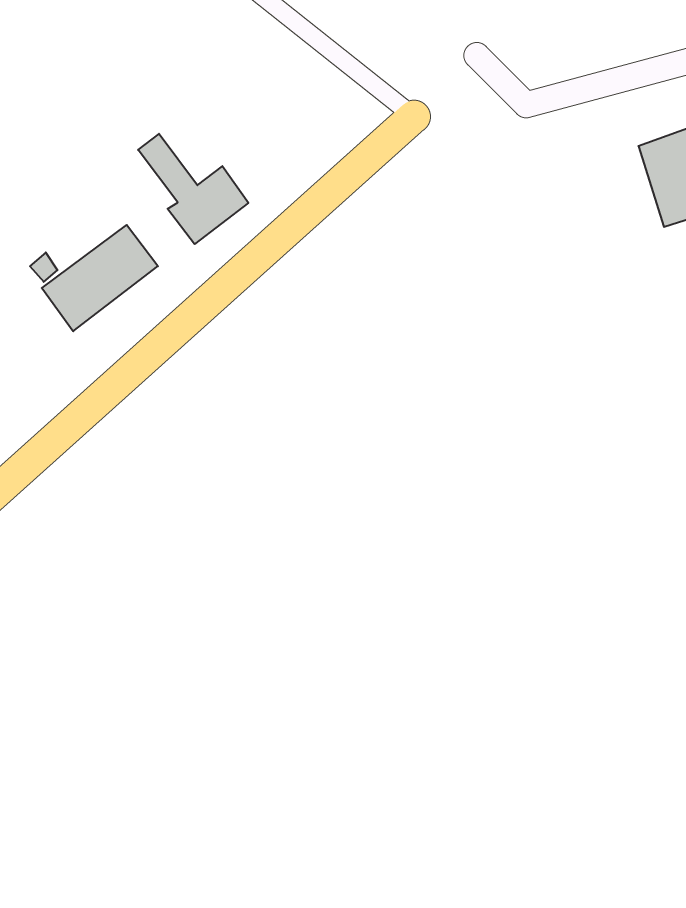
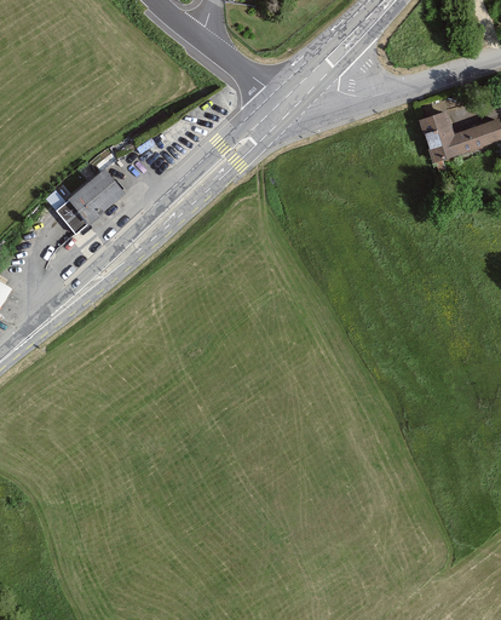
building: [138,134,248,244] -> none

